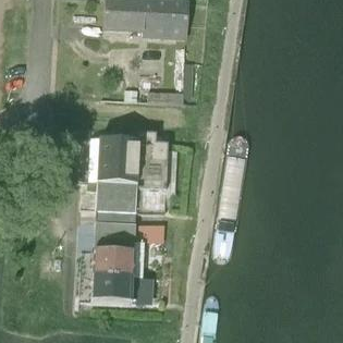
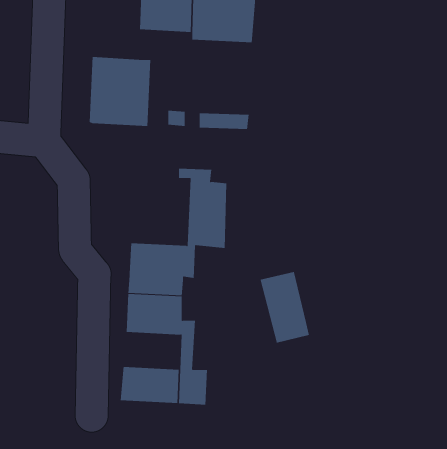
building: [95,135,140,186] -> [89,57,151,127]
building: none -> [260,271,309,343]
building: [91,249,134,277] -> none

